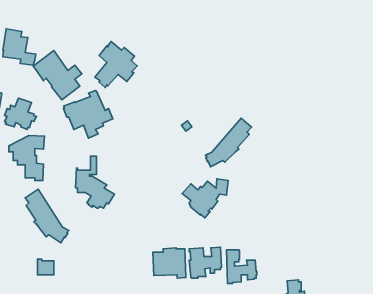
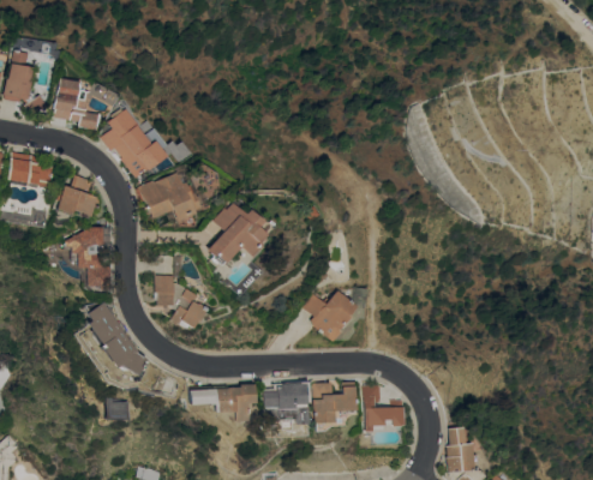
building: [95,42,137,87] -> [206,202,265,265]
building: [206,118,251,167] -> none
building: none -> [188,384,257,421]

